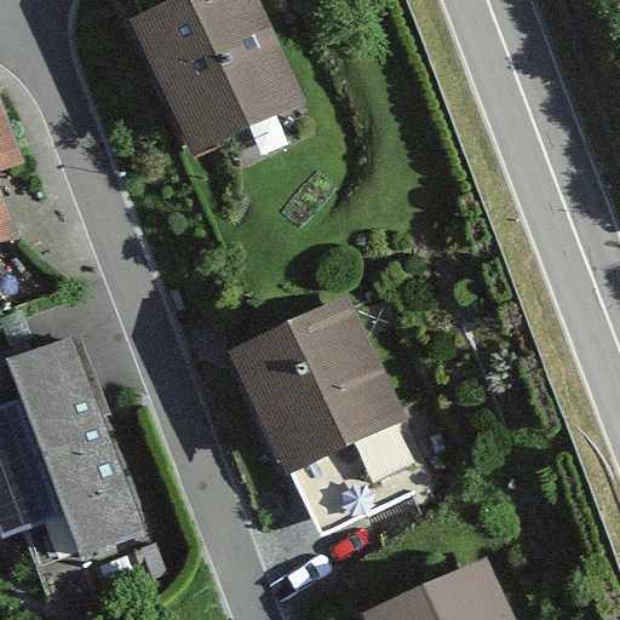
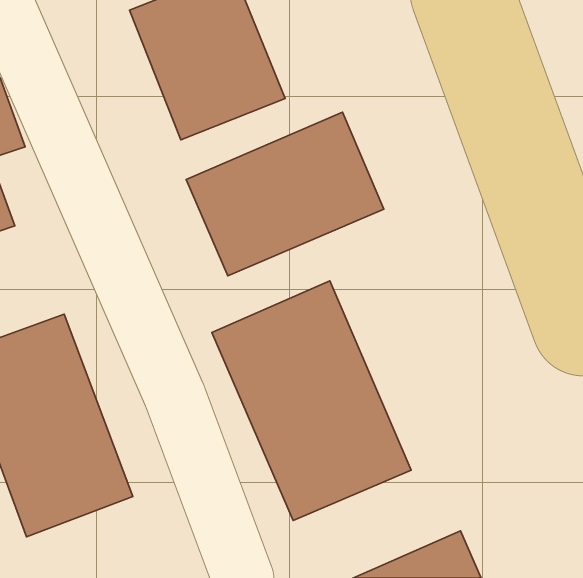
building: none -> [186,112,384,276]

